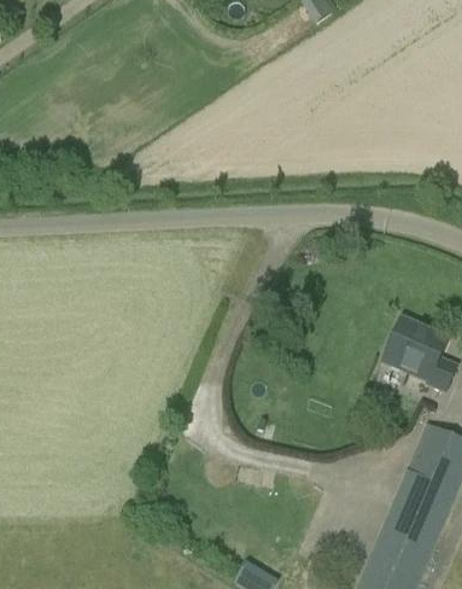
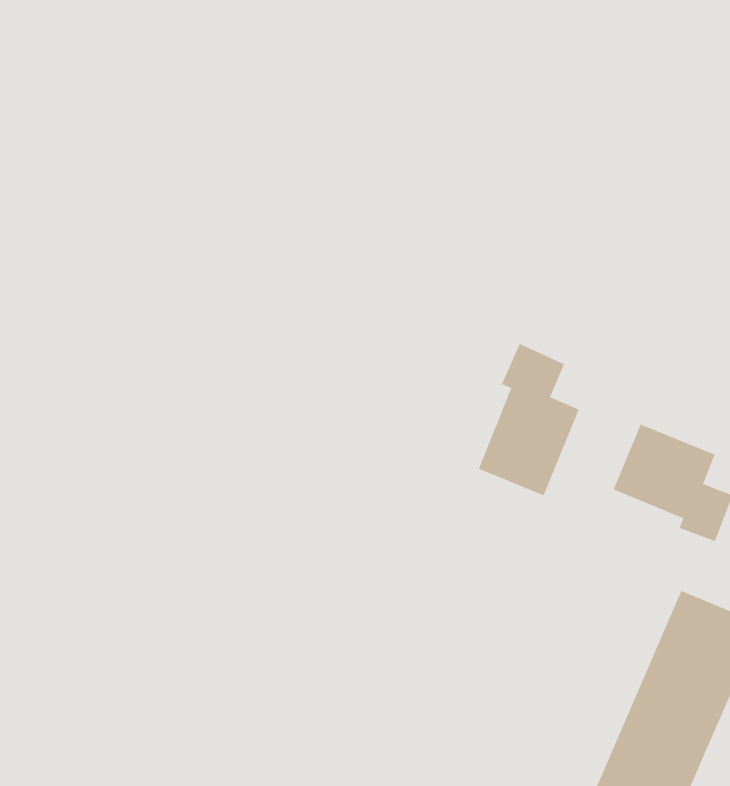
building: none -> [478,343,580,496]

